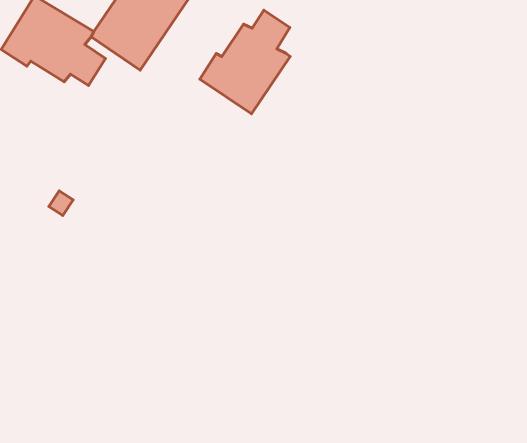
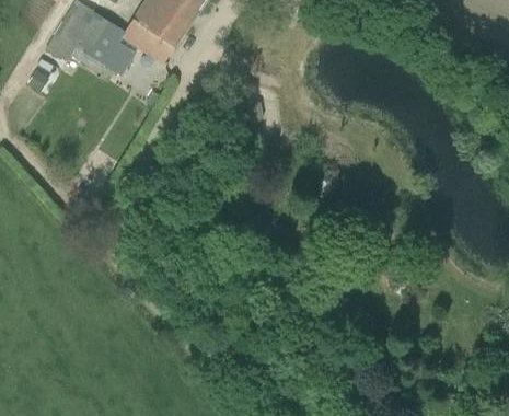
building: [200,10,290,114] -> none

